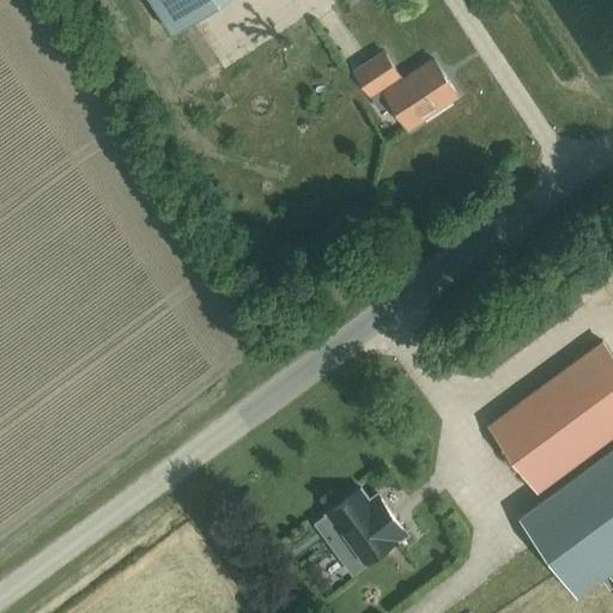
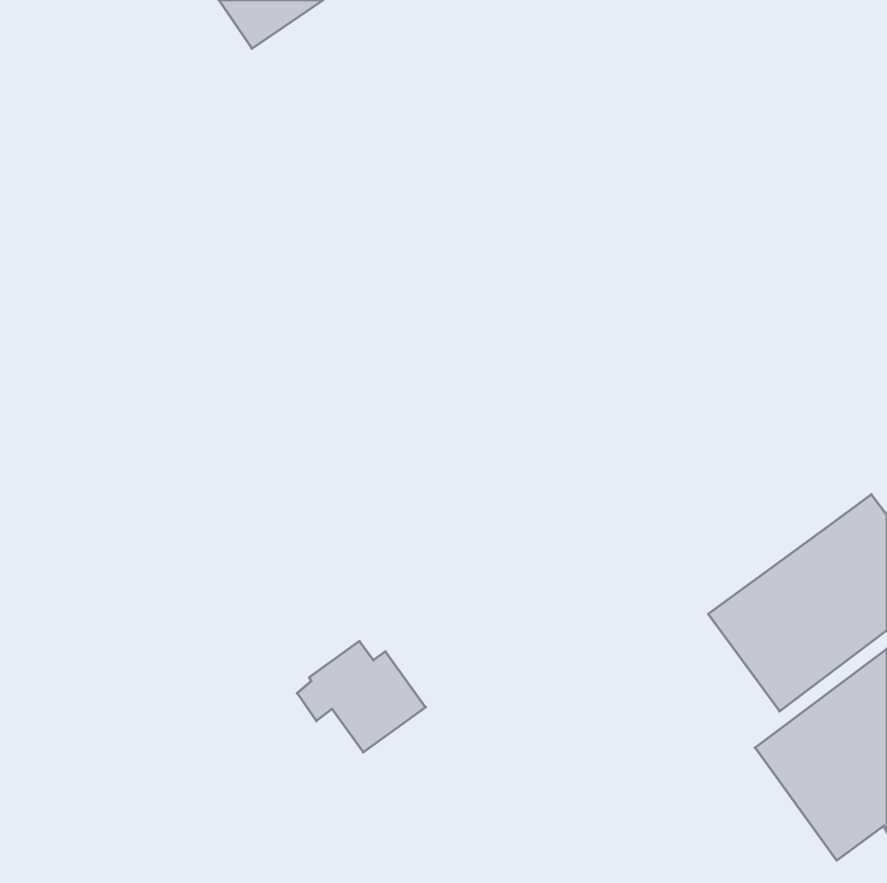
building: [354,54,457,131] -> none
building: [317,490,406,566] -> [297,641,426,752]

